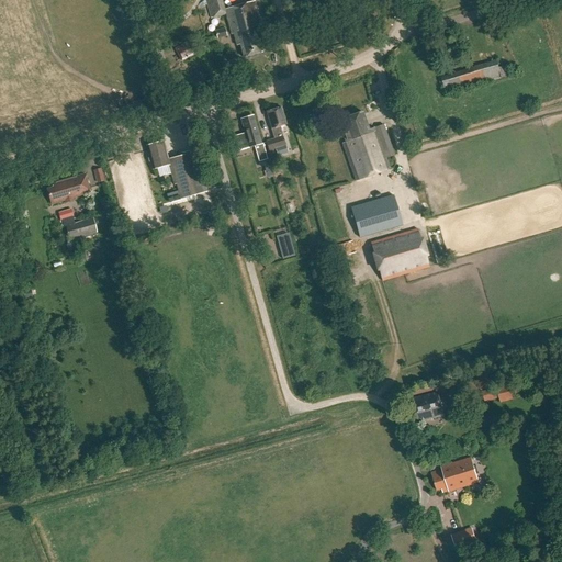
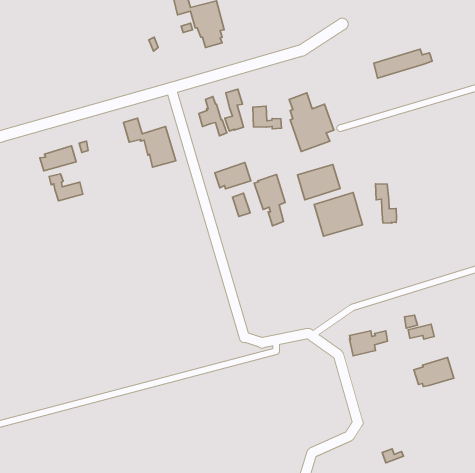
building: none -> [253,106,281,129]
building: none -> [215,163,251,189]
building: none -> [254,175,285,226]
building: none -> [376,184,397,223]
building: [431,457,479,491] -> [414,358,454,386]

